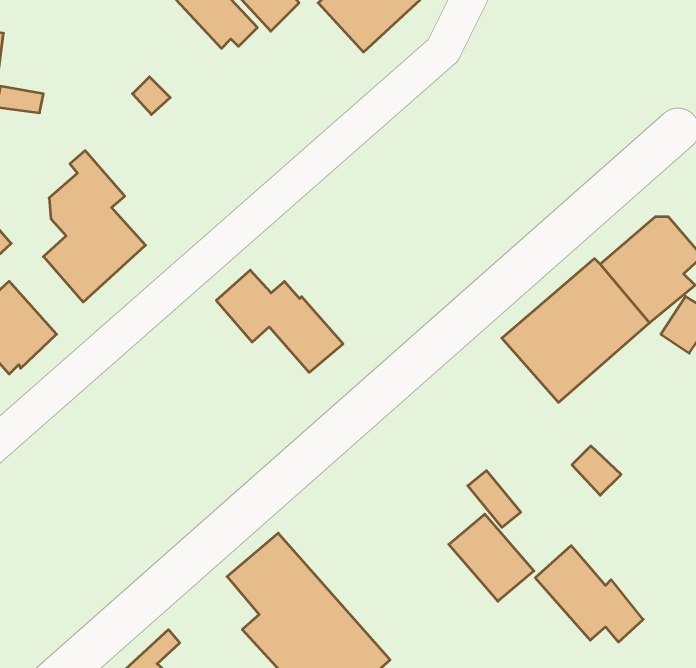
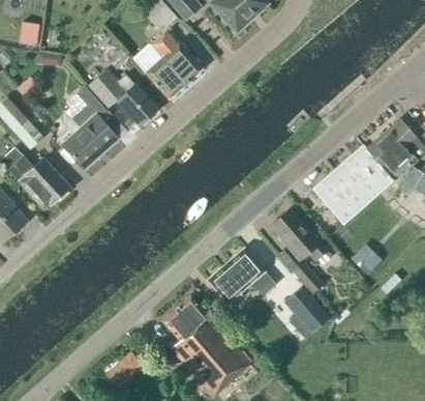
building: none -> [145,31,203,99]
building: [216,270,343,372] -> [88,69,157,125]
building: none -> [208,249,271,304]
building: [535,546,643,642] -> [270,209,329,262]

